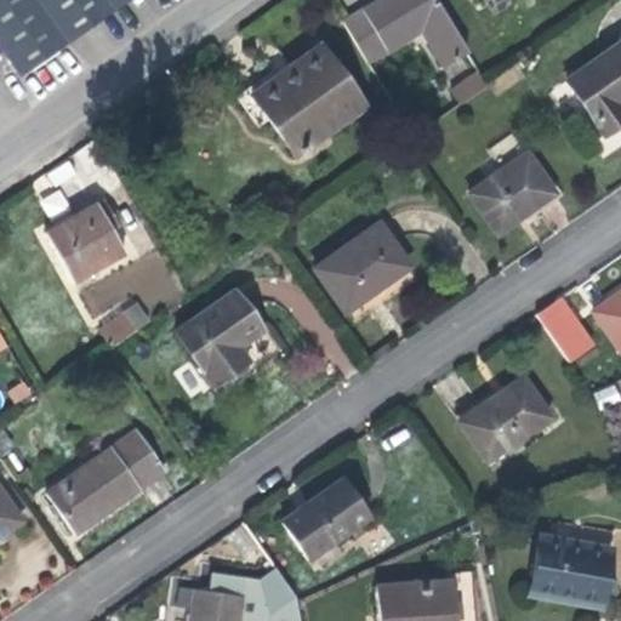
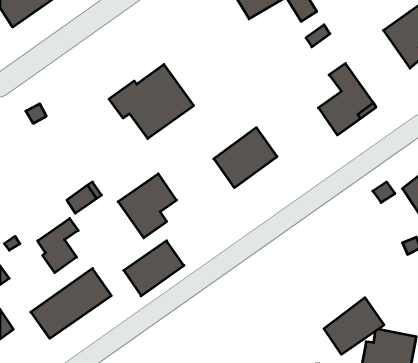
building: [239,45,364,154] -> [109,64,194,139]
building: [45,199,125,281] -> none
building: none -> [38,218,78,273]
building: [462,376,551,460] -> [324,298,384,354]
building: [283,478,371,559] -> [124,241,184,296]

